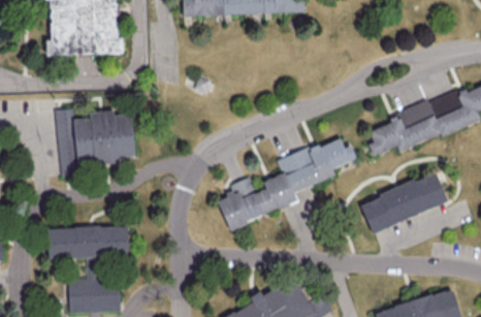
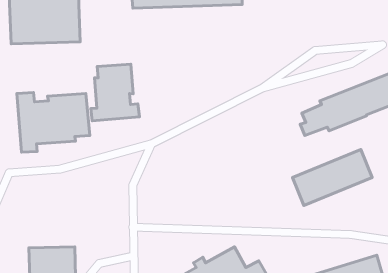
building: none -> [91,64,139,121]
building: [217,136,356,228] -> none
building: [47,225,128,258] -> none

